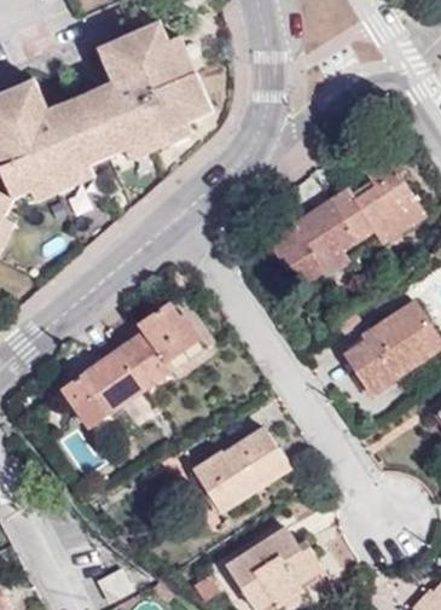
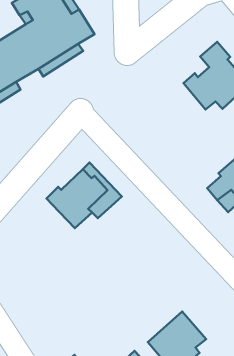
building: [260,199,358,289] -> none
building: [62,338,146,428] -> none
building: [195,428,288,511] -> none

